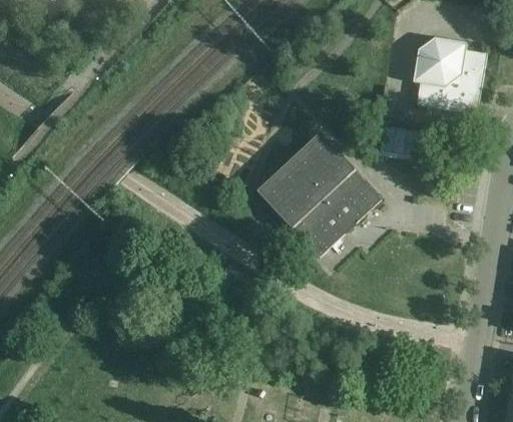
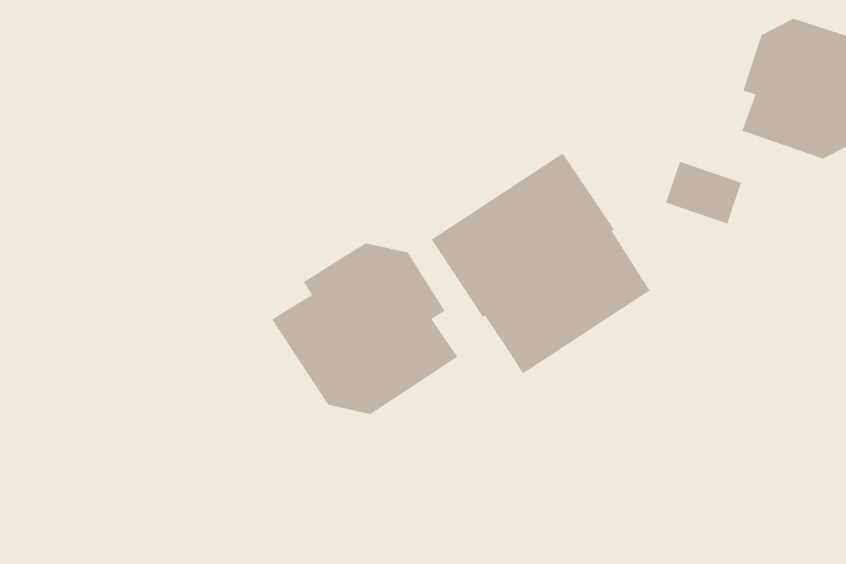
building: none -> [271,242,458,415]

